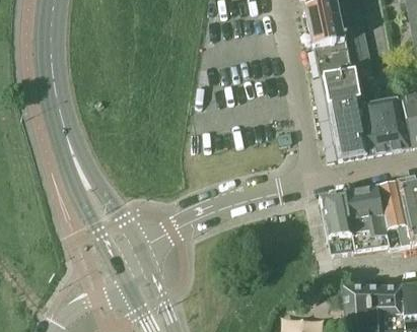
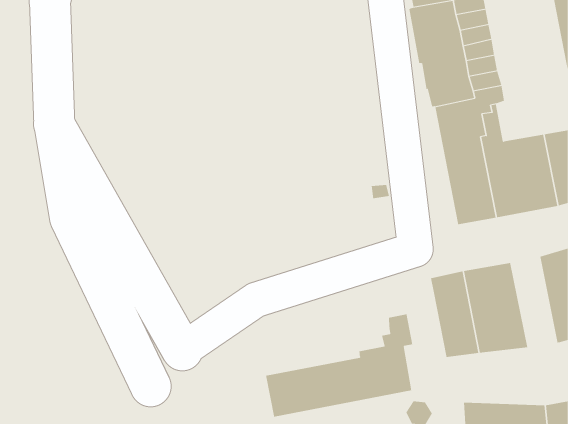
building: [375,182,408,247] -> none
building: none -> [265,313,413,417]

